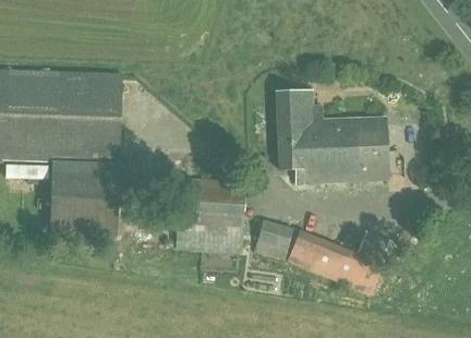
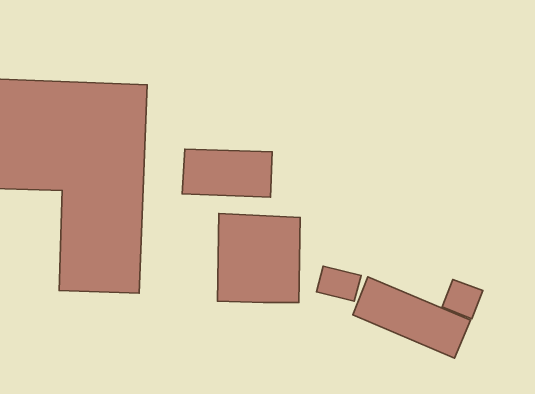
building: [277,90,389,183] -> none
building: none -> [182,149,272,197]

